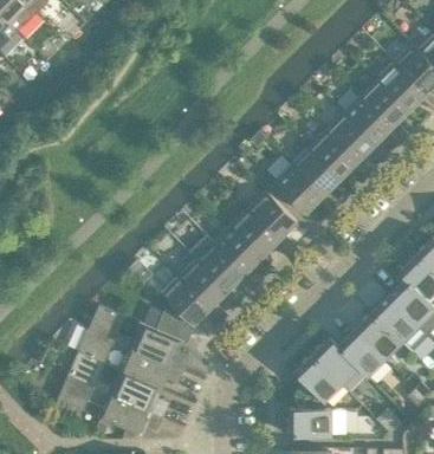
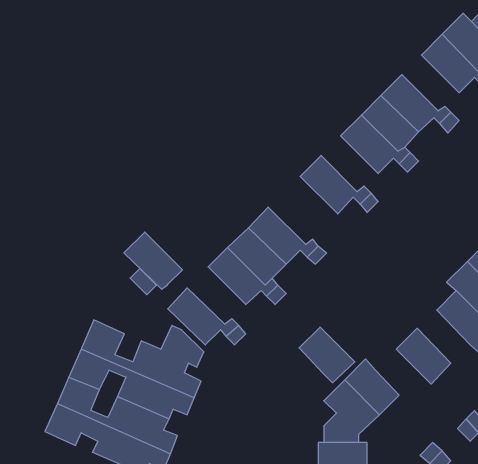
building: [359,80,408,128] -> none
building: [291,149,339,196] -> none
building: [246,192,297,241] -> none
building: [177,260,227,309] -> [124,232,182,289]
building: [373,297,417,342] -> none
building: [337,330,384,377] -> [299,327,355,383]

